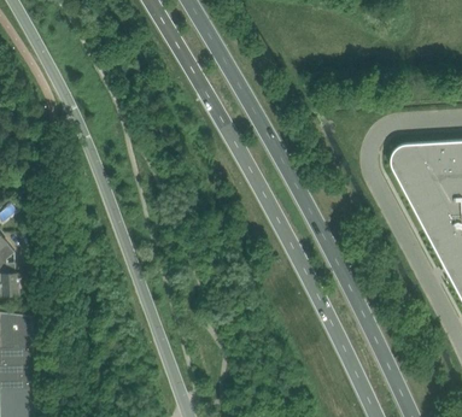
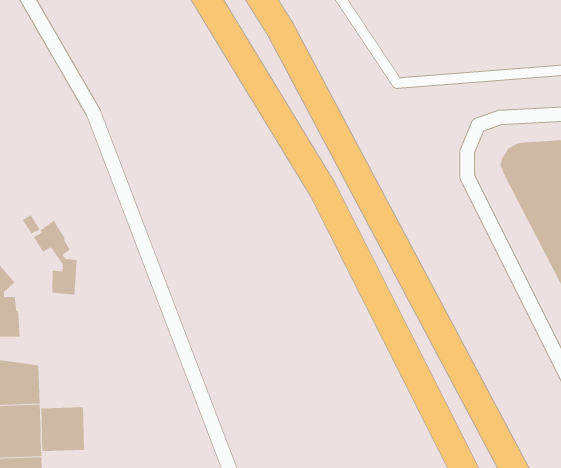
building: none -> [33,220,77,295]
building: none -> [41,406,85,452]

